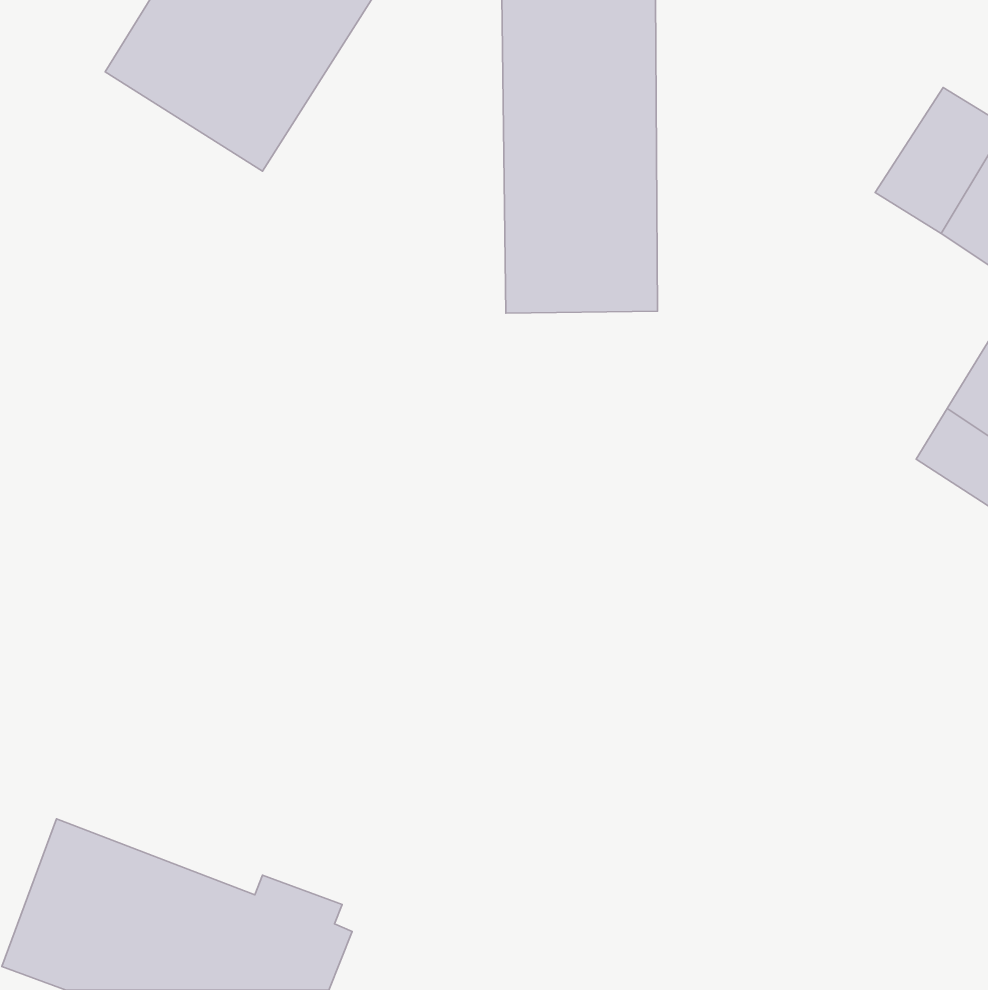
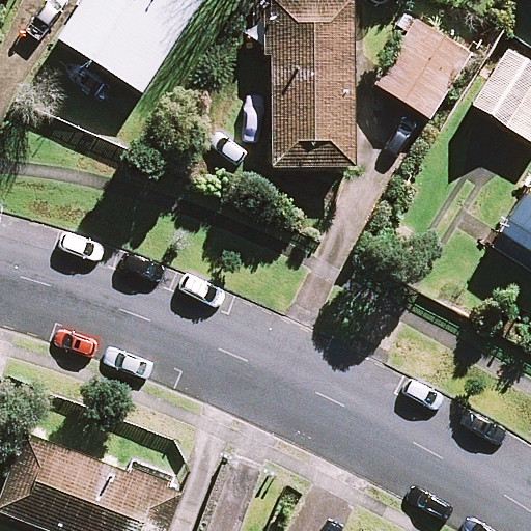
building: none -> [376,19,472,117]

